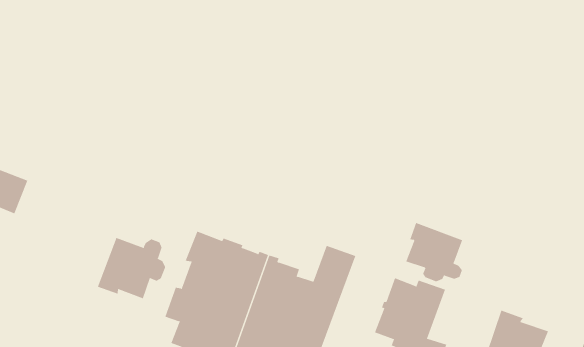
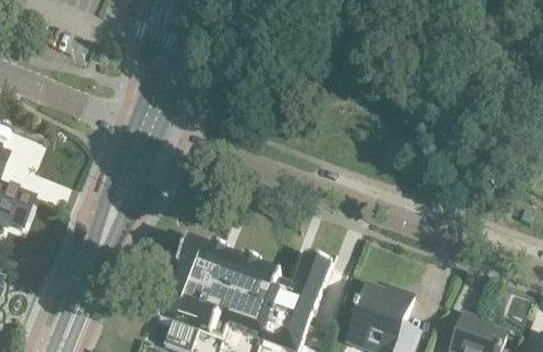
building: [406,222,463,282] -> none
building: [97,237,166,299] -> none

